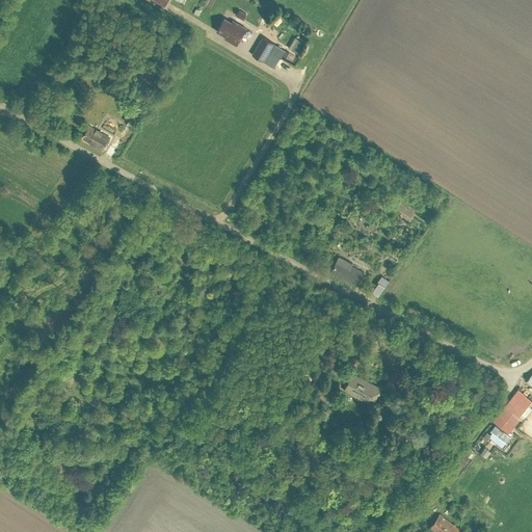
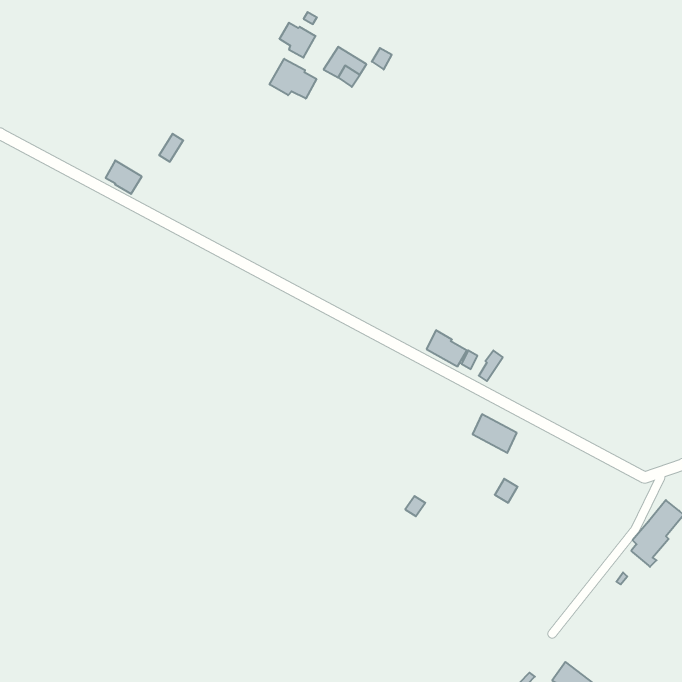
building: none -> [270,59,316,99]
building: [346,374,380,404] -> [473,414,517,453]

